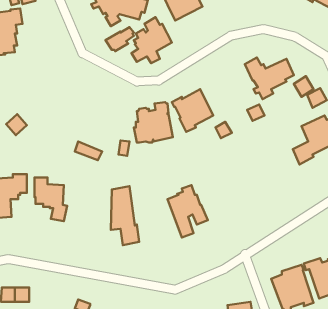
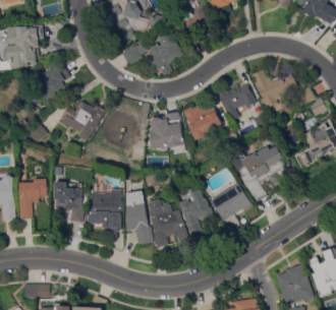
building: none -> [35,66,67,105]
building: none -> [217,84,256,117]
building: none -> [59,99,105,141]
building: none -> [102,112,134,138]
building: none -> [233,145,285,200]
building: none -> [210,183,250,221]
building: none -> [85,189,121,232]
building: none -> [148,199,188,248]

